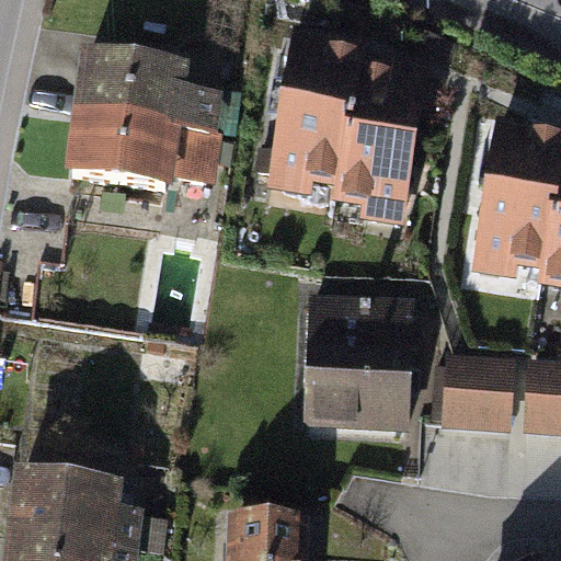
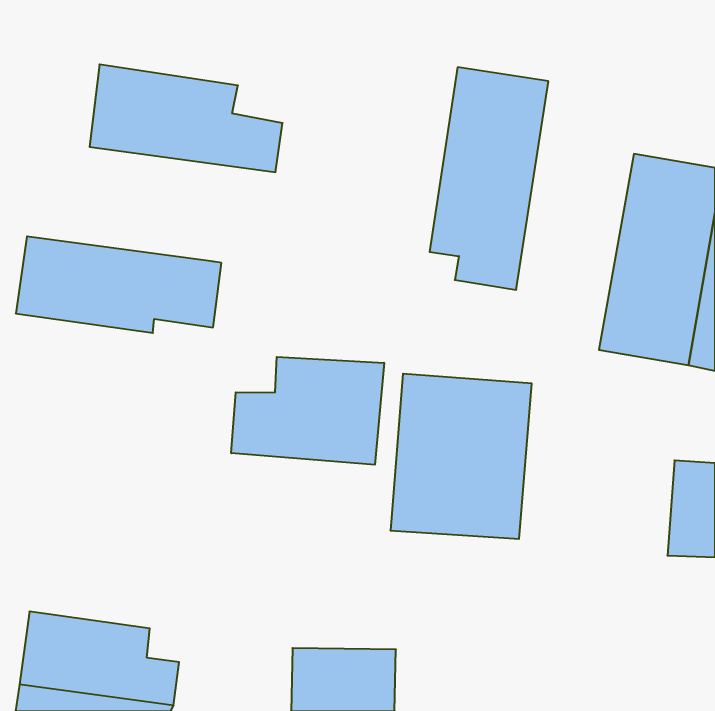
building: [266,32,360,197] -> none
building: [61,115,222,191] -> [16,236,221,333]
building: none -> [231,357,384,465]
building: [444,356,519,431] -> none

